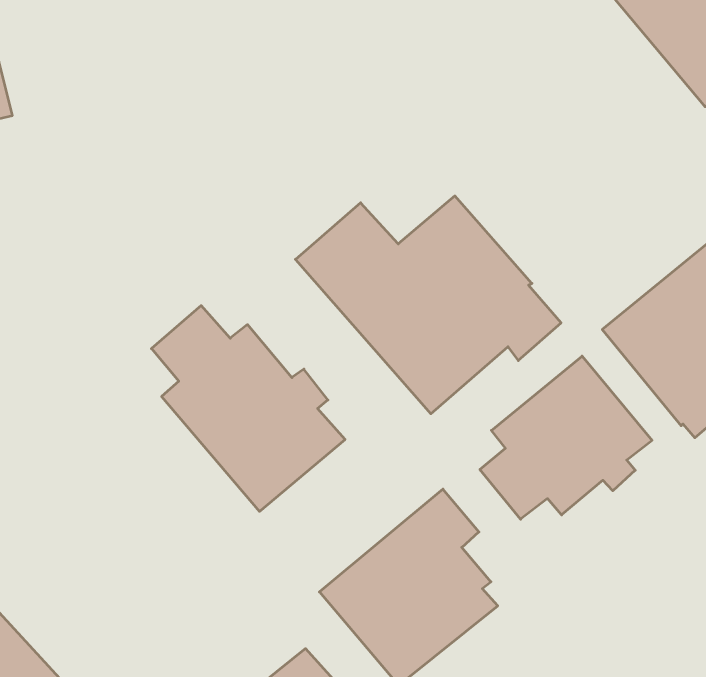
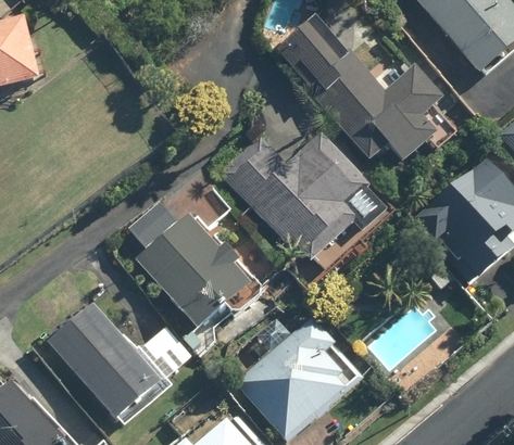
building: none -> [275,13,444,163]
building: [480,356,652,519] -> none
building: none -> [46,298,191,425]

